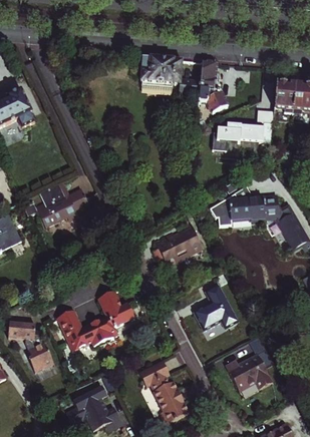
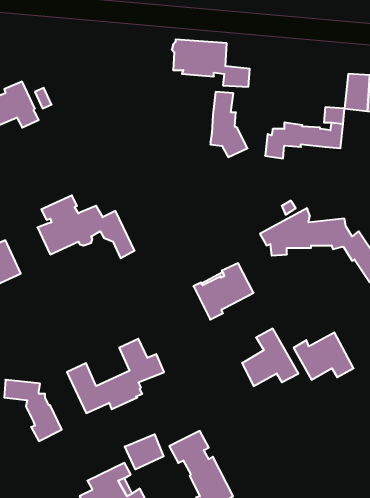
building: [199,61,228,112] -> [210,92,248,157]
building: [224,351,271,388] -> [294,332,354,380]
building: none -> [125,434,164,469]

